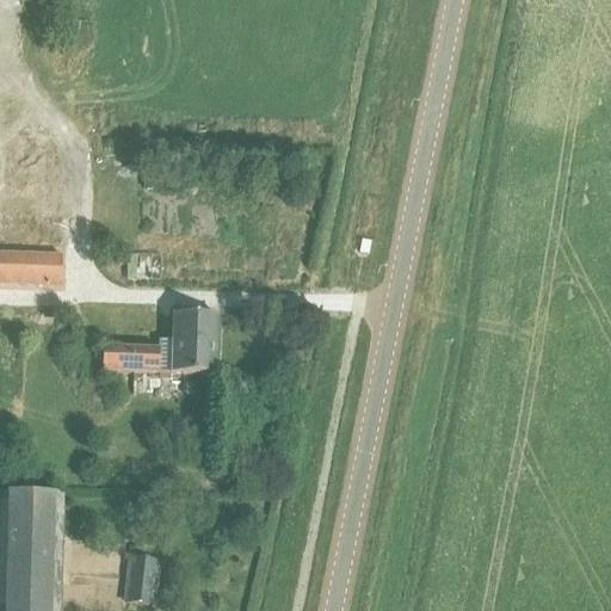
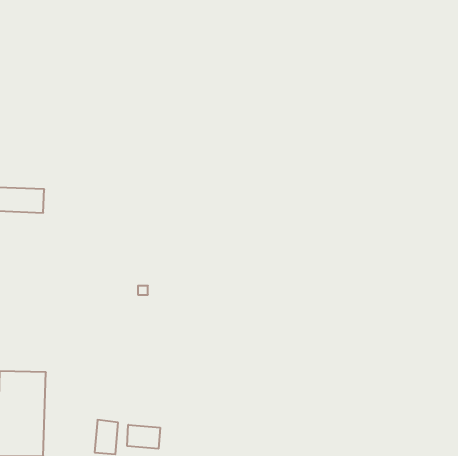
building: [100,311,216,371] -> none
building: none -> [127,425,160,449]

